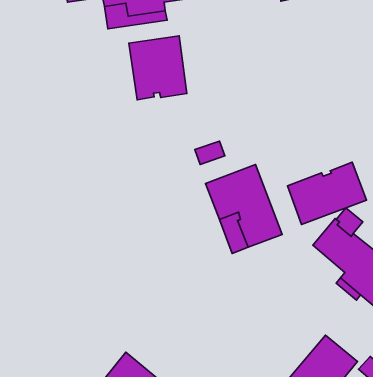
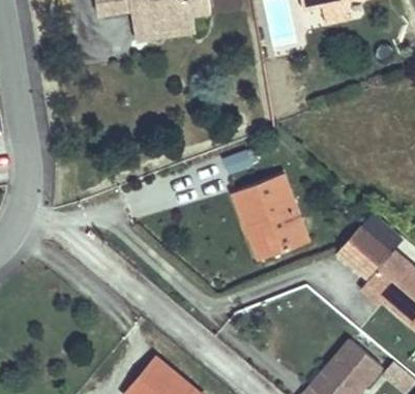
building: [129,36,187,100] -> none
building: [288,162,367,225] -> none

